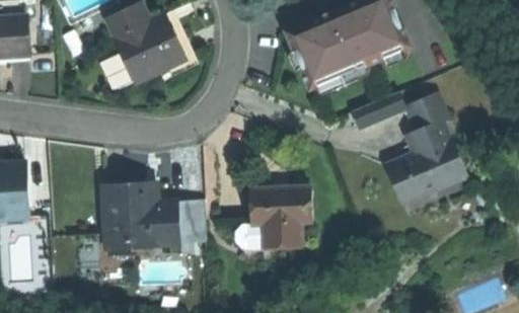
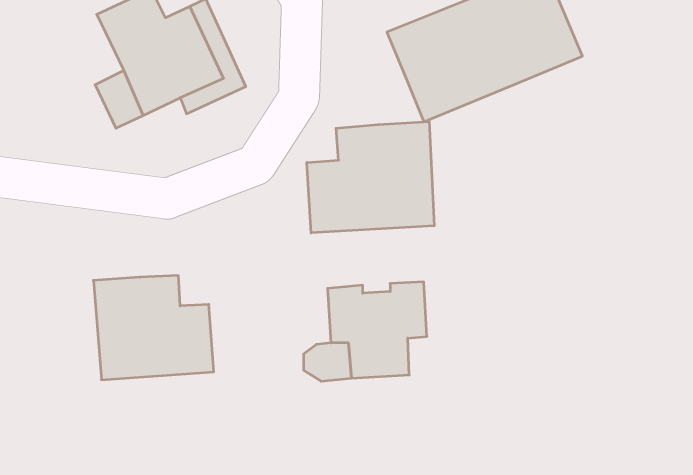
building: none -> [307,121,434,233]
building: [353,91,467,203] -> none
building: [174,200,205,244] -> none

